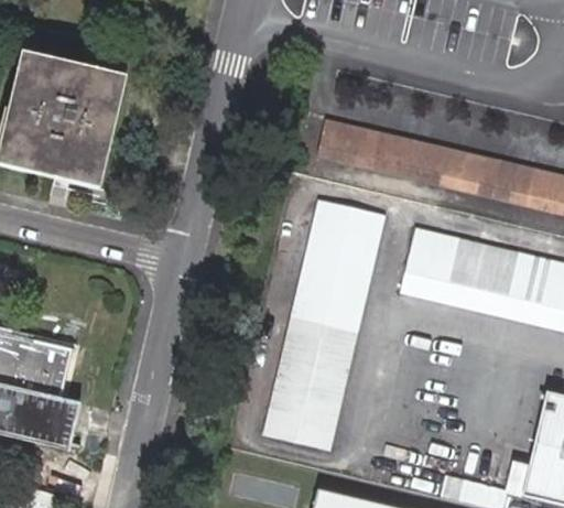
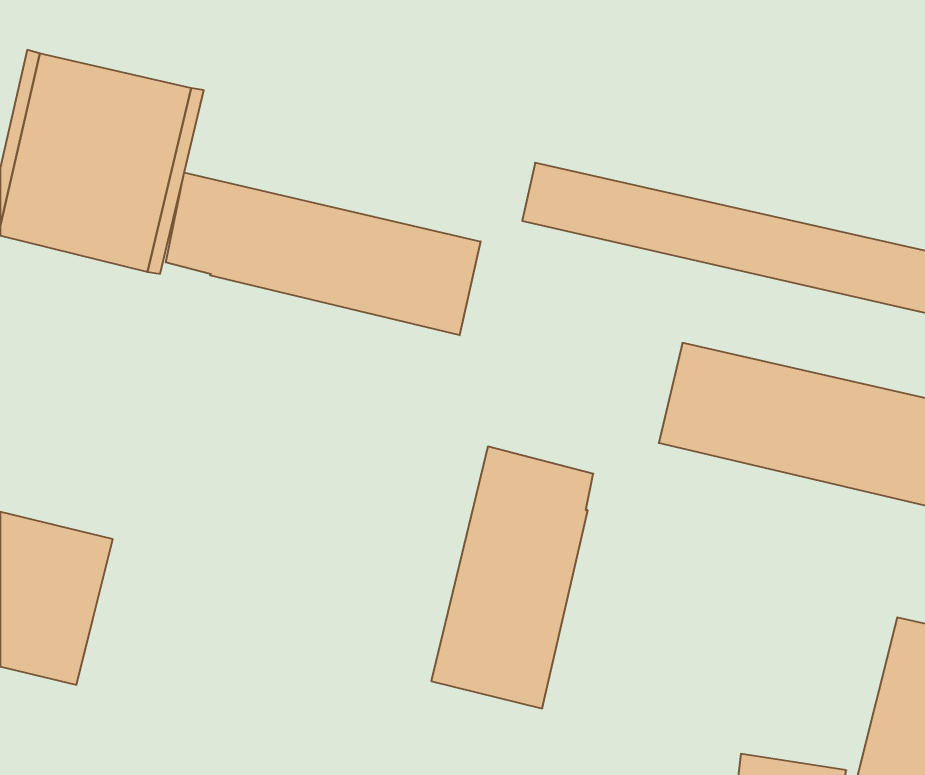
building: none -> [166,173,481,335]
building: [297,199,383,309] -> none
building: [48,397,80,442] -> none

